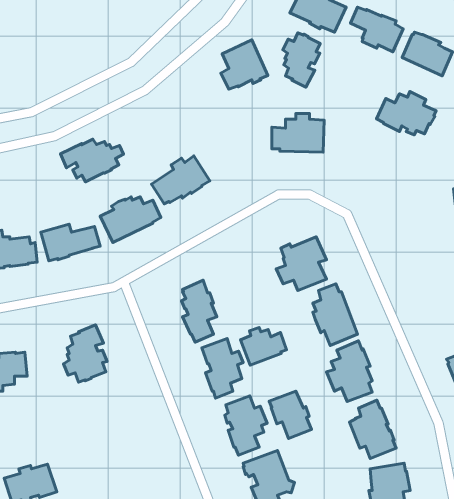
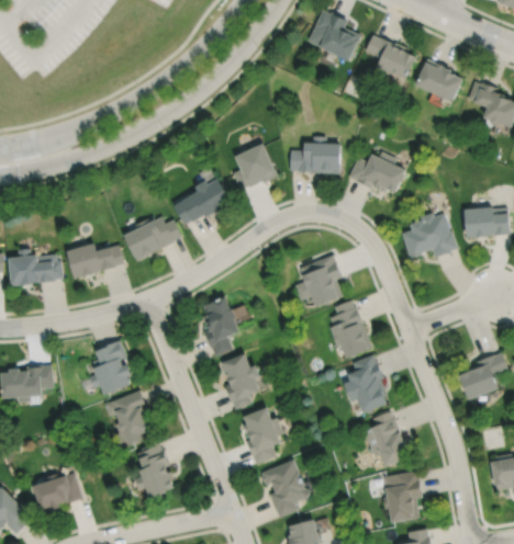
building: [283,33,320,87] -> none
building: [221,40,268,89] -> [231,143,276,190]
building: [377,92,436,135] -> [348,151,405,193]
building: [61,139,124,182] -> none
building: none -> [401,214,457,259]
building: [241,327,286,365] -> none
building: none -> [104,390,153,445]
building: [269,391,311,438] -> none
building: none -> [134,442,175,499]

